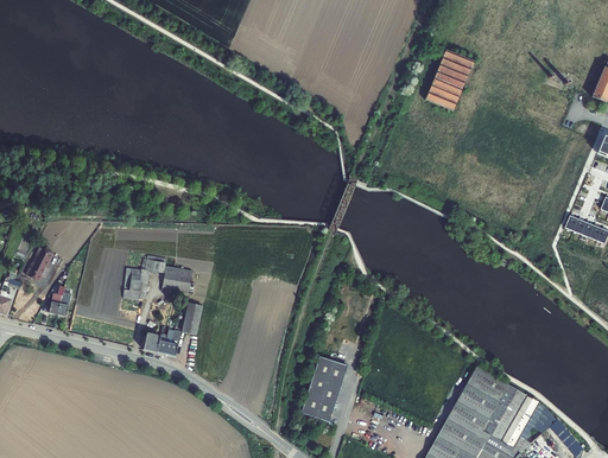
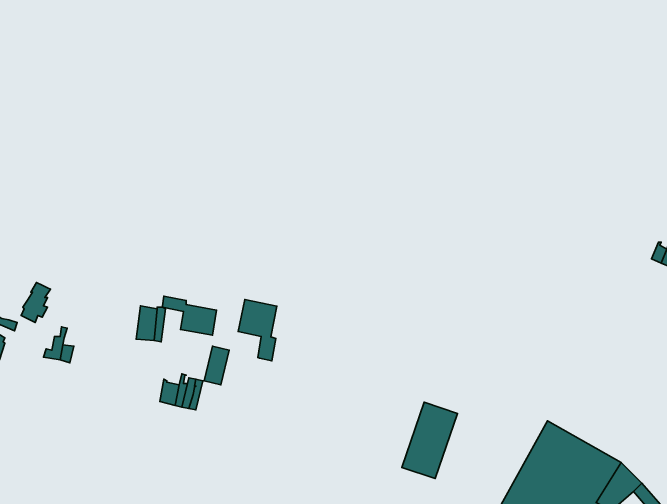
building: [425,50,474,112] -> none
building: none -> [238,299,277,361]
building: [298,351,346,416] -> [402,402,457,478]

